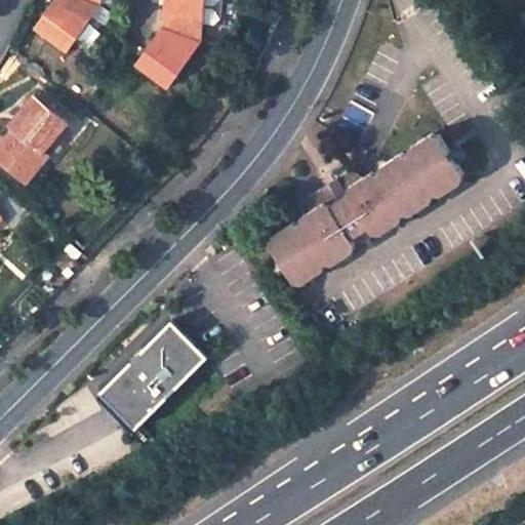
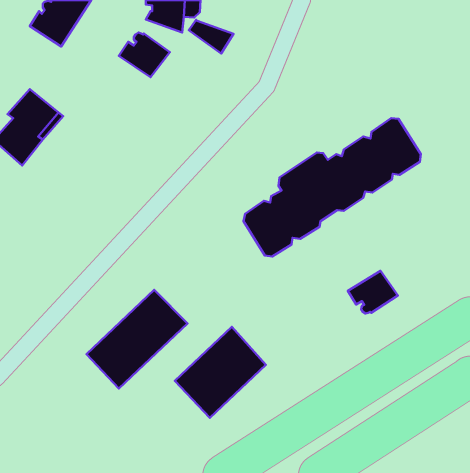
building: [152,23,201,59] -> [189,20,233,53]
building: none -> [348,271,398,314]
building: none -> [175,327,266,418]

